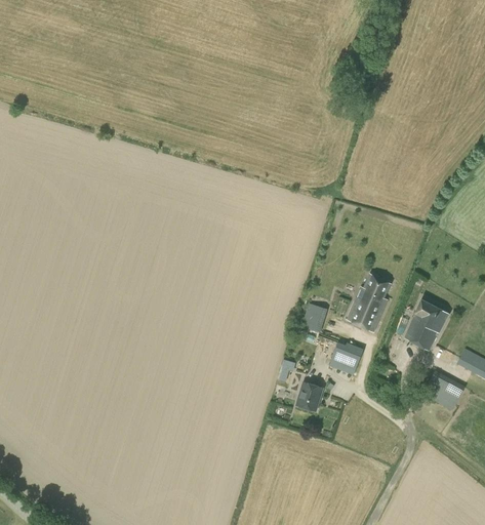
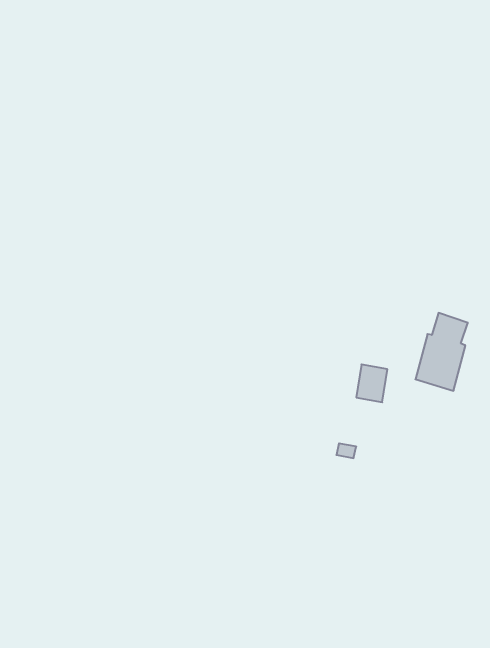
building: [328,342,364,376] -> none
building: [296,382,322,411] -> none

